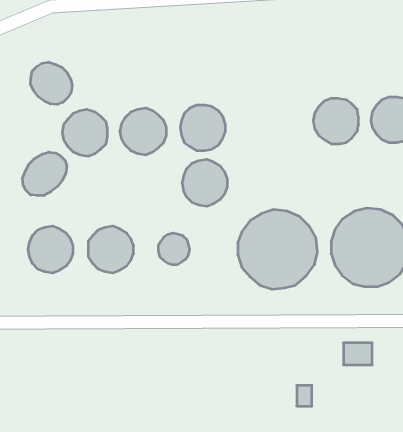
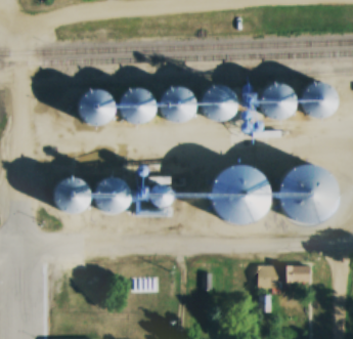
building: [31,62,72,104] -> none
building: [22,152,67,196] -> none
building: [182,159,227,206] -> [208,84,241,119]
building: none -> [258,265,281,287]

